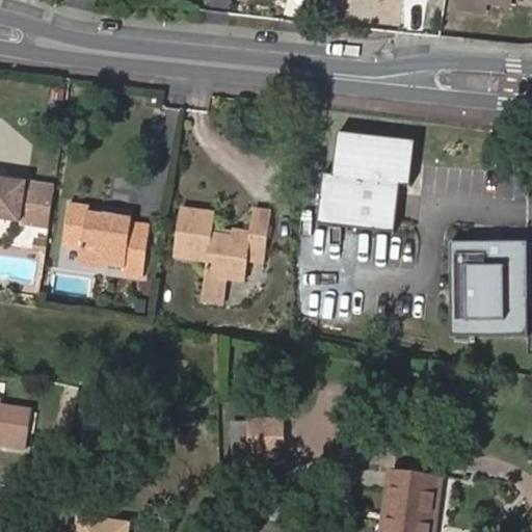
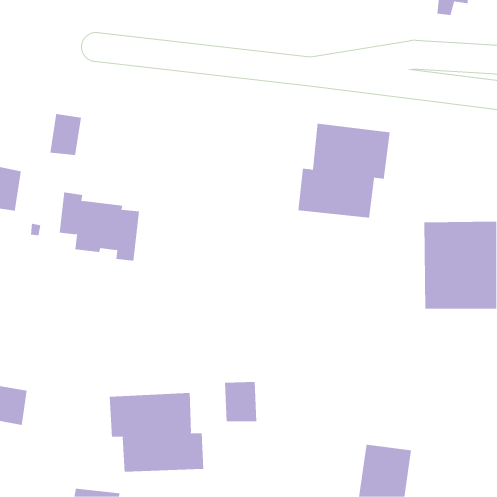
building: [17,183,51,228] -> [50,114,82,156]
building: [175,205,270,303] -> none
building: none -> [109,392,204,473]

